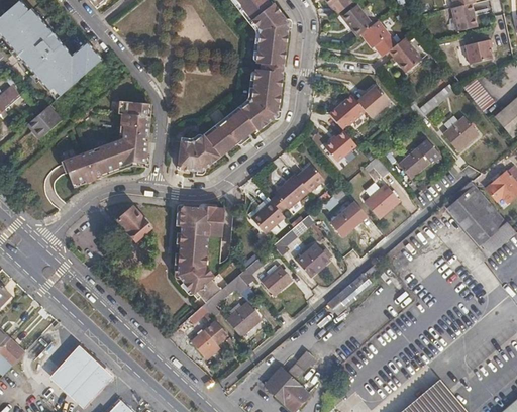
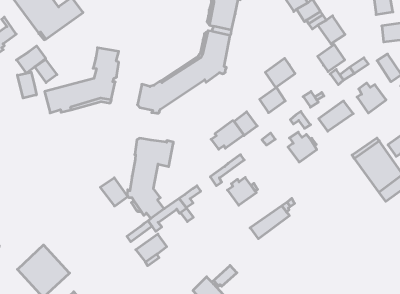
building: [357,85,391,118] -> [318,45,345,72]
building: none -> [35,59,57,83]
building: none -> [17,72,36,98]
building: [251,200,285,234] -> none
building: [330,205,363,237] -> none
building: [117,206,151,240] -> [100,178,128,206]
building: [262,264,294,297] -> none
building: [226,301,263,336] -> none

